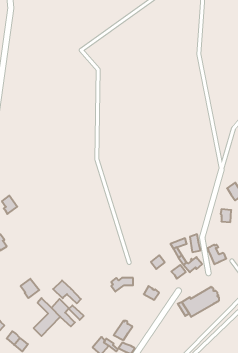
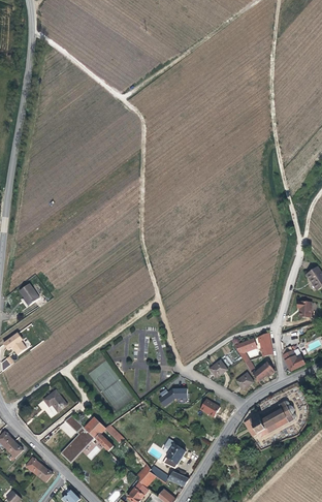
building: [53,280,81,303] -> none

